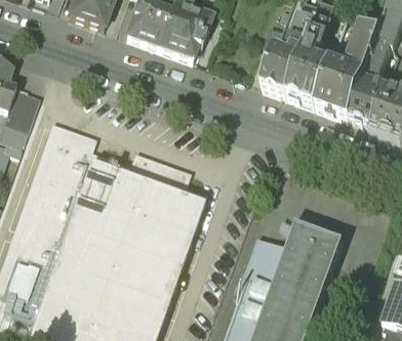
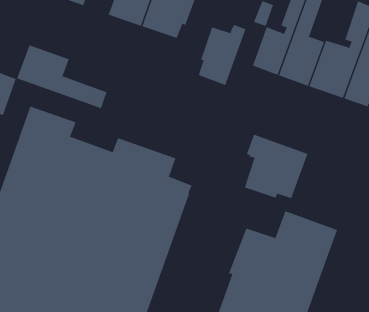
building: none -> [198,24,246,86]
building: none -> [17,45,107,109]
building: none -> [244,134,308,199]

